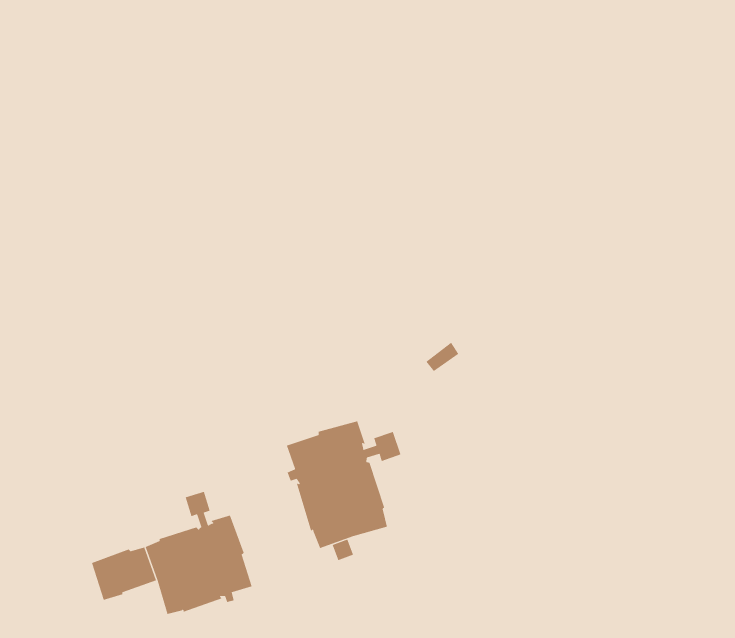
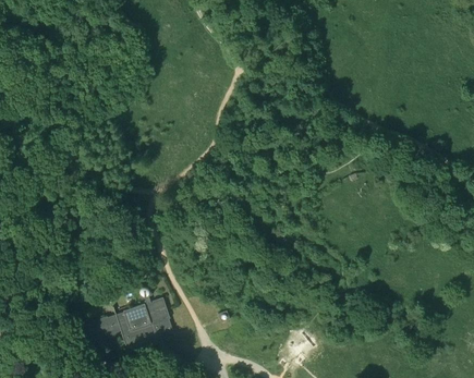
building: [286,421,401,549] -> none

